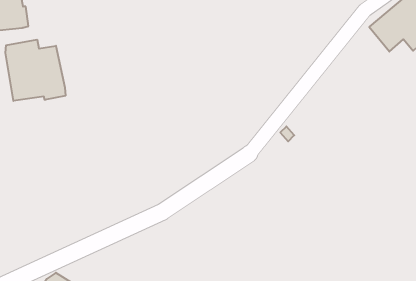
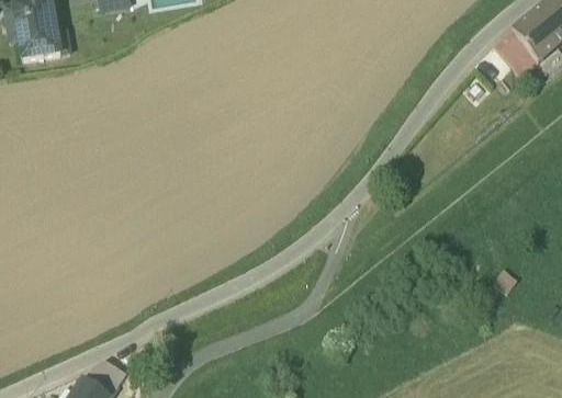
building: [5,40,65,101] -> none

